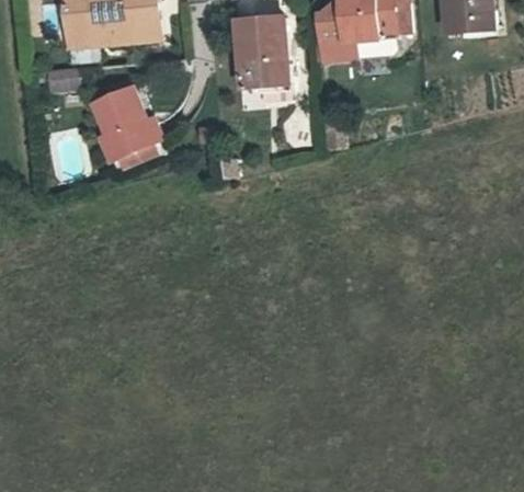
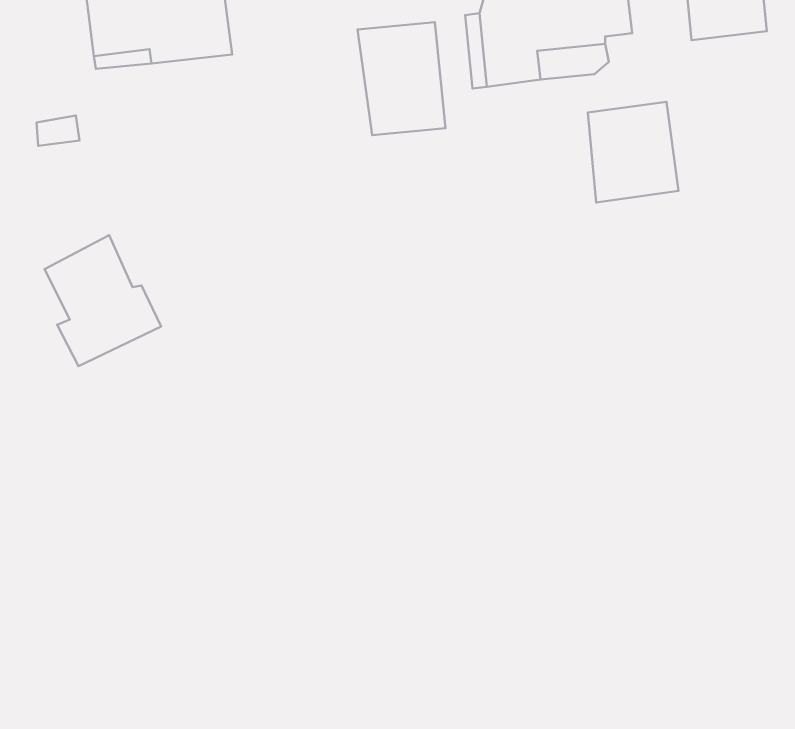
building: none -> [588,102,678,202]
building: [95,85,167,165] -> [45,235,161,366]

